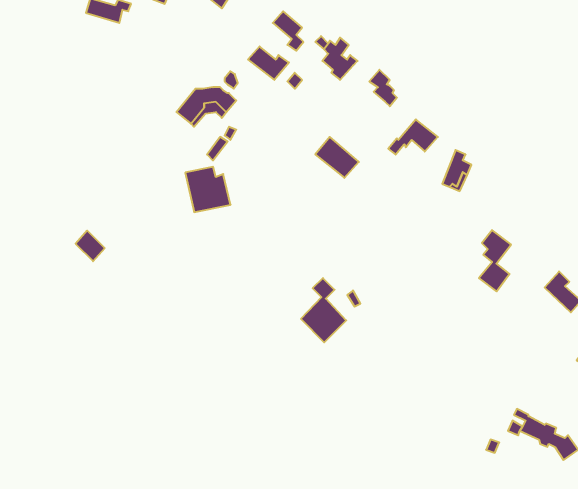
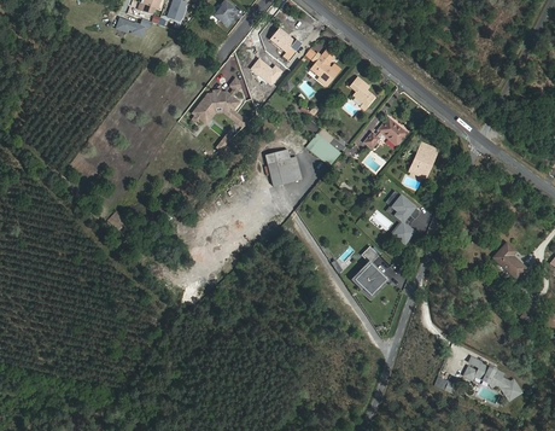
building: [185,167,231,212] -> [265,148,303,186]
building: [479,230,511,291] -> [390,194,416,245]
building: [301,278,346,342] -> [351,245,388,298]

